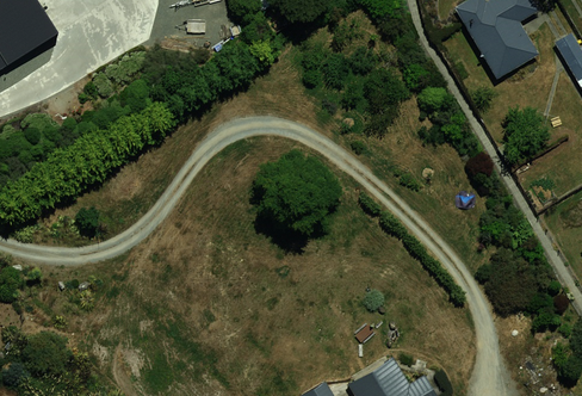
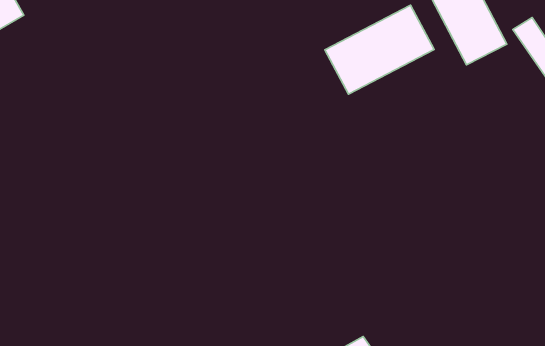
building: none -> [325,5,434,94]

